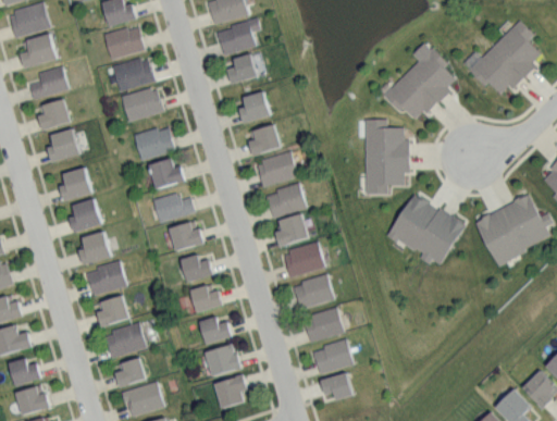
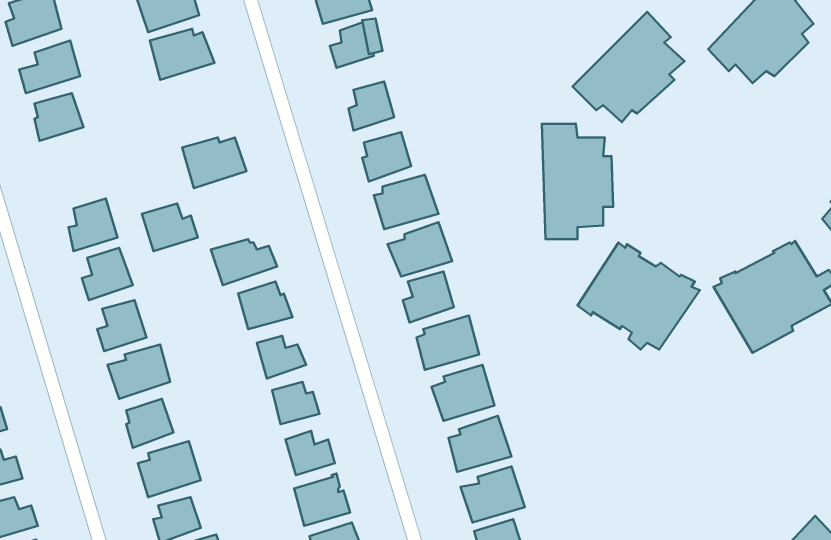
building: [120,88,162,122] -> none
building: [47,129,79,163] -> none
building: [148,159,184,189] -> [142,203,198,251]

